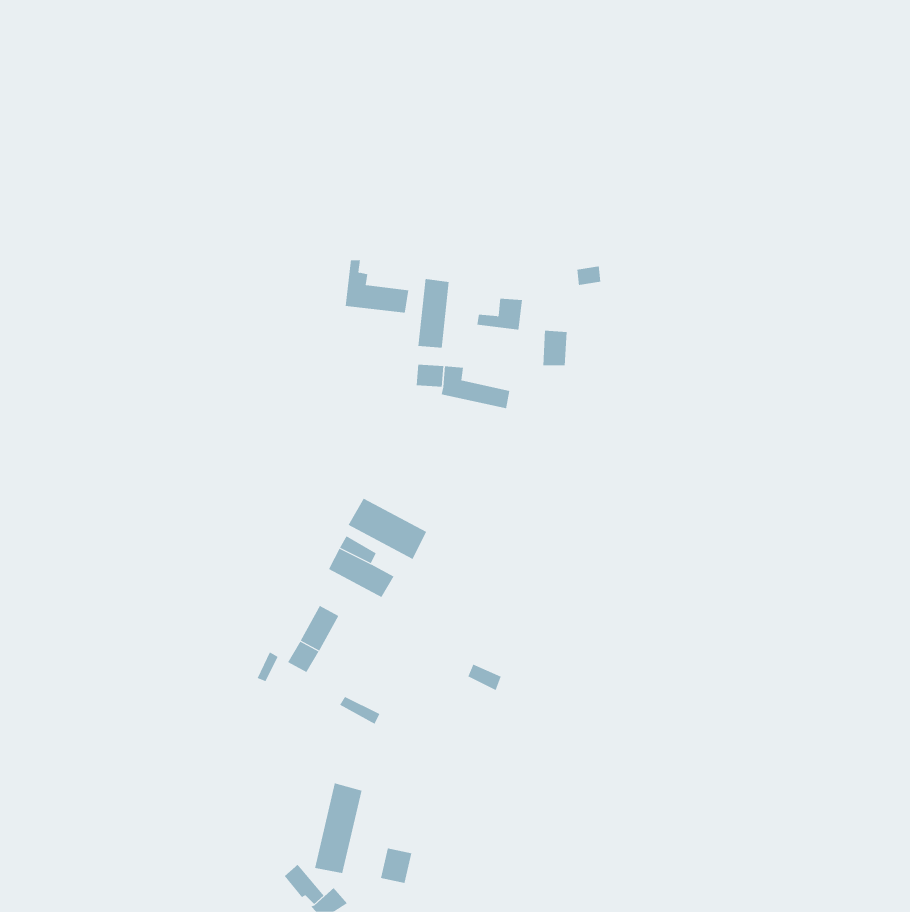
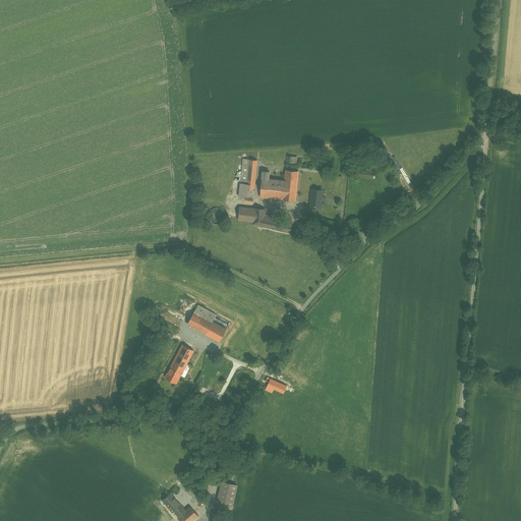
building: [345,260,409,313] -> [259,171,296,201]
building: [348,498,427,560] -> none
building: [314,782,362,874] -> none

